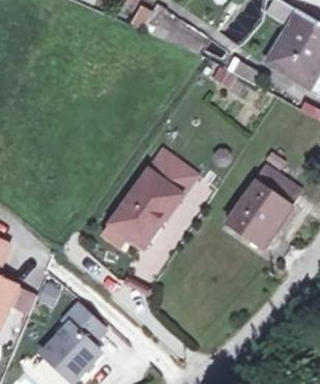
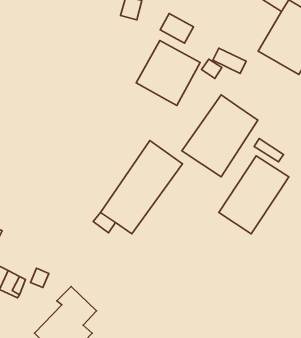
building: none -> [136,40,200,106]
building: none -> [182,95,258,177]

